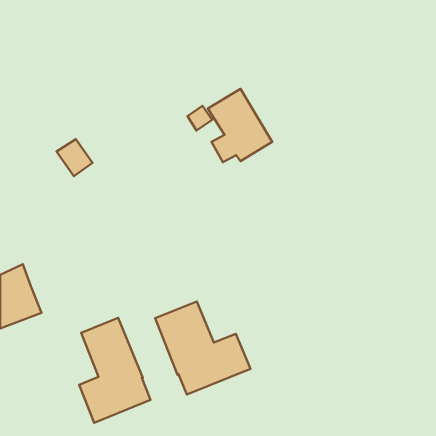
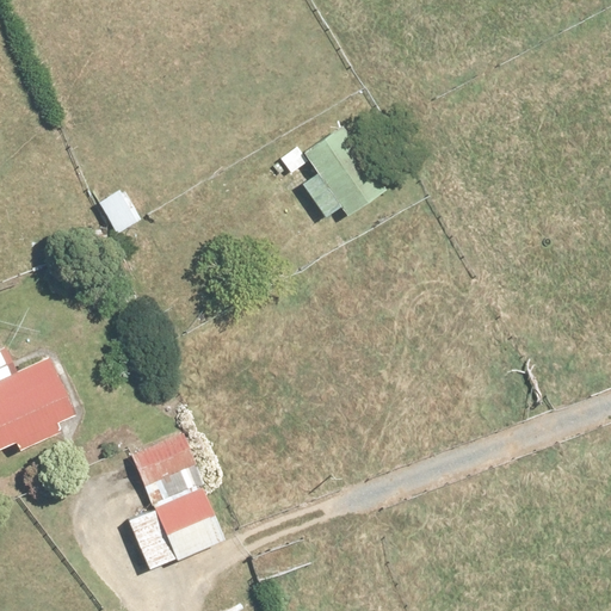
building: [155,301,250,395] -> none

